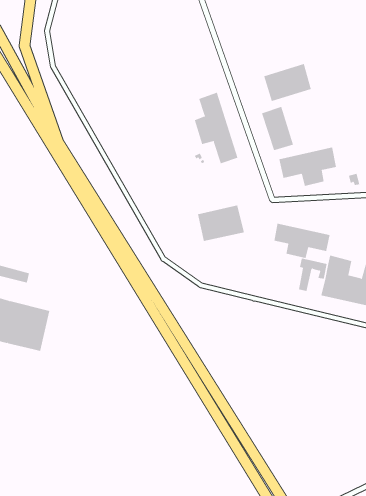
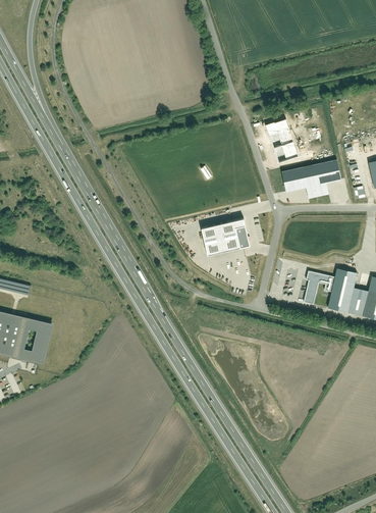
building: [263,63,311,102] -> none
building: [194,92,238,164] -> none
building: [274,223,330,259] -> none

